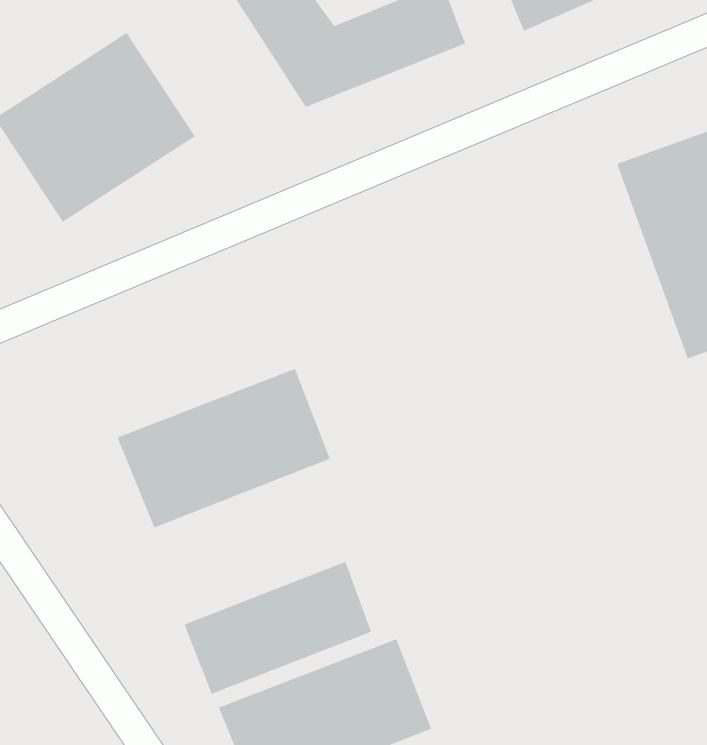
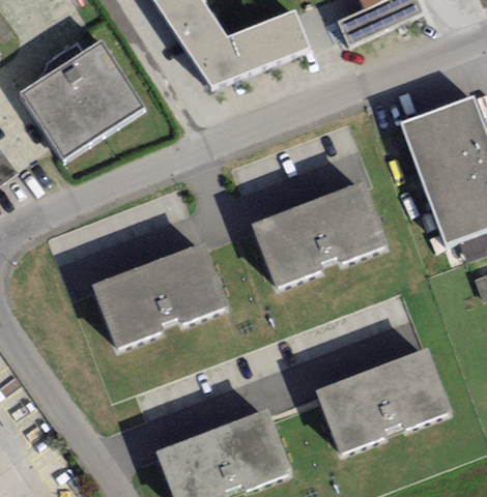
building: none -> [252,183,382,283]
building: none -> [317,349,449,447]
building: [184,561,372,695] -> none

